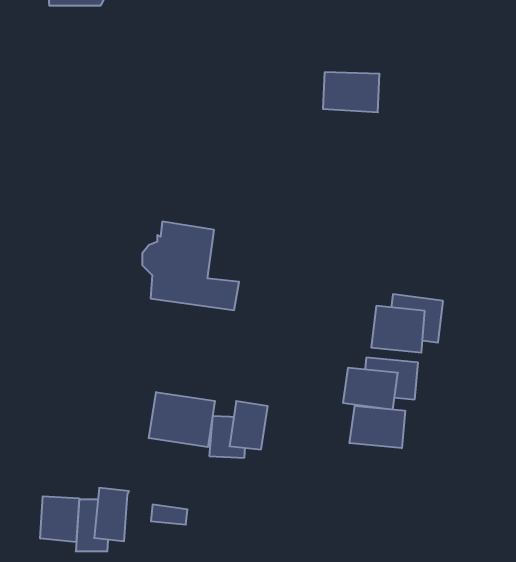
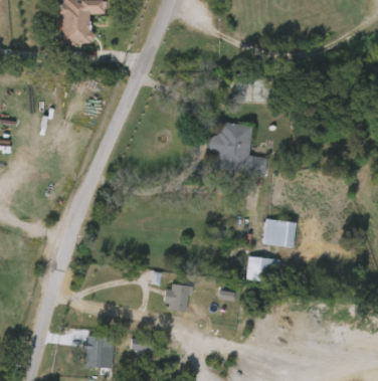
building: [142,222,239,310] -> [214,121,272,174]
building: [149,392,215,447] -> none
building: [350,406,405,448] -> none
building: [40,496,79,542] -> none

